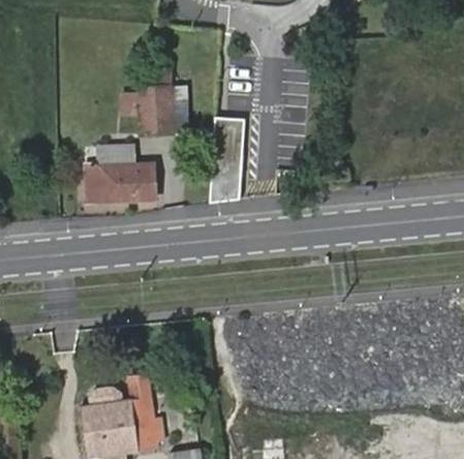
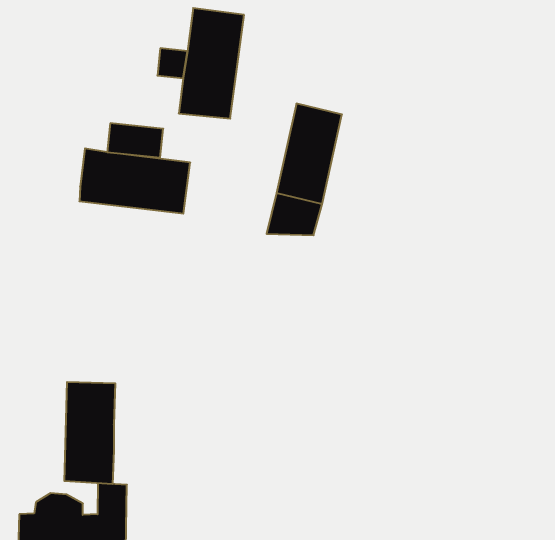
building: none -> [64,382,115,484]

